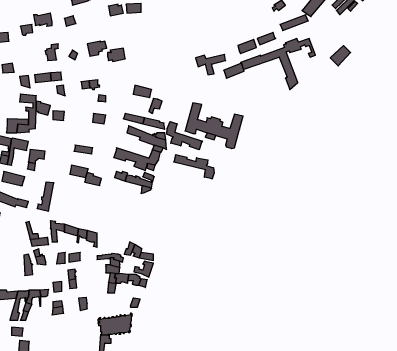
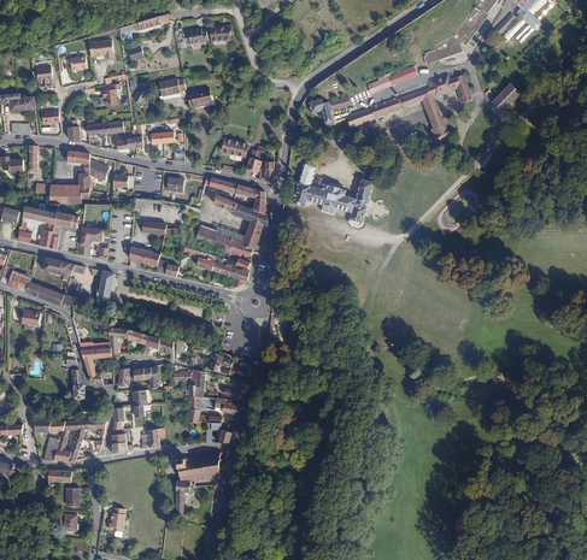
building: [167,122,202,150] -> none
building: [174,155,214,179] -> none

